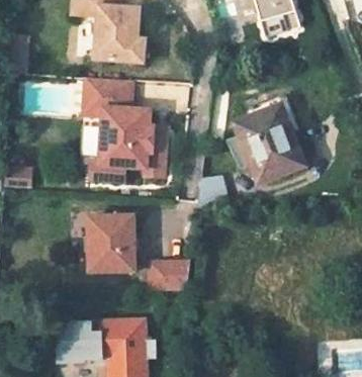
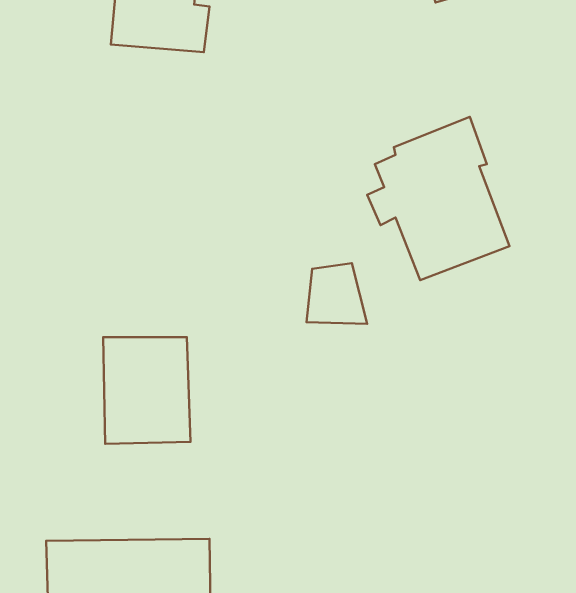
building: [84,78,155,169] -> none
building: [151,262,190,291] -> none

